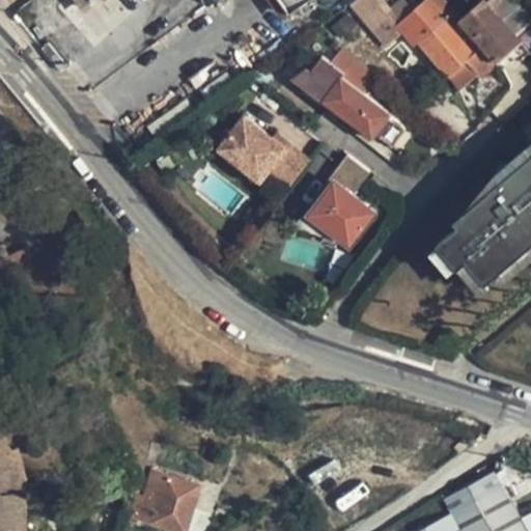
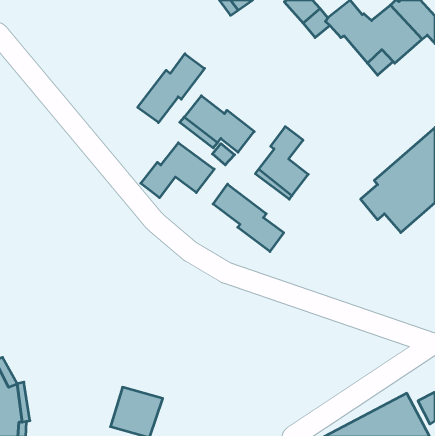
building: [302,53,402,147] -> none
building: none -> [138,54,205,123]
building: none -> [141,143,214,198]
building: none -> [213,184,284,252]

